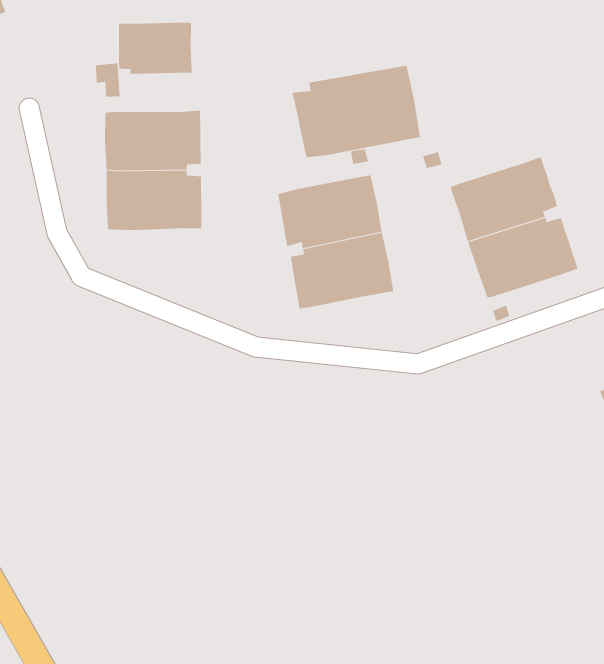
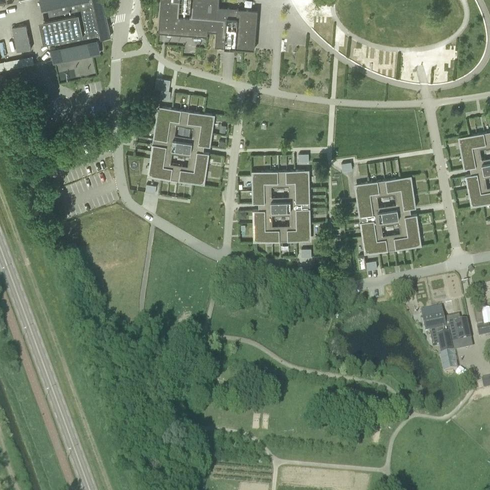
building: [118,22,192,75] -> none
building: [292,65,420,158] -> none

